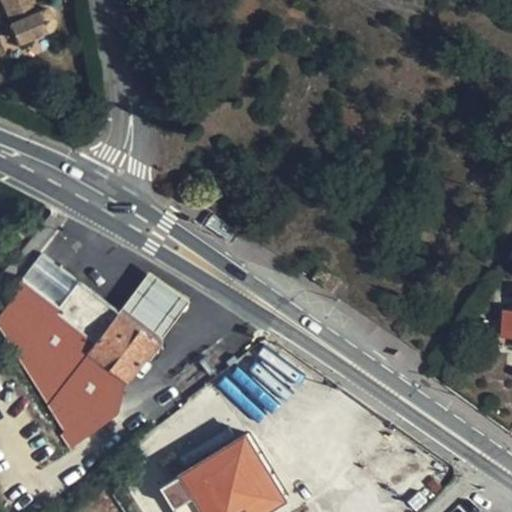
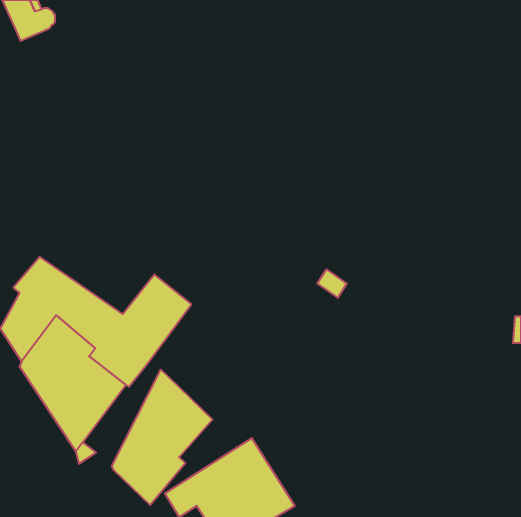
building: none -> [112,370,213,505]

